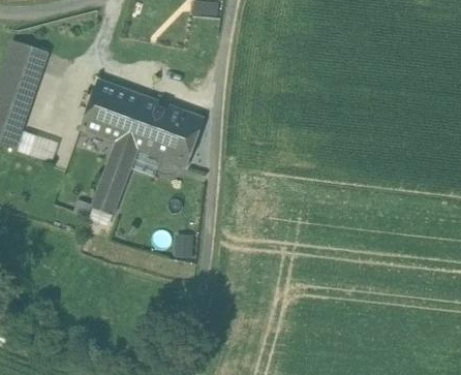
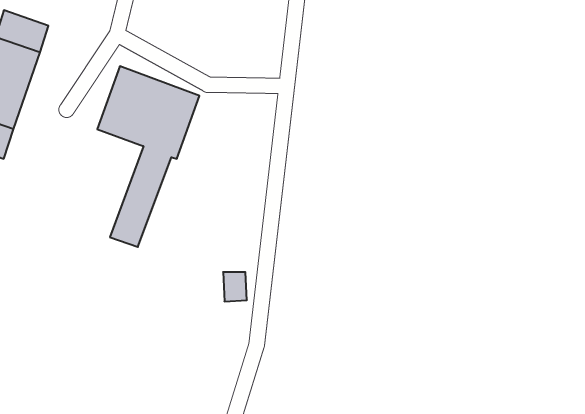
building: [141,103,203,166] -> none

